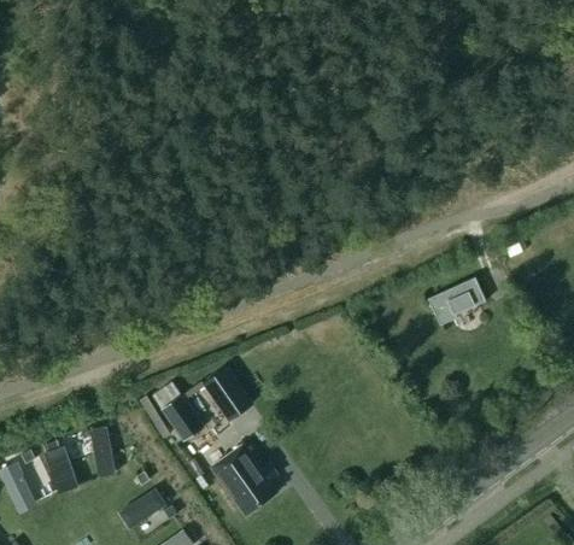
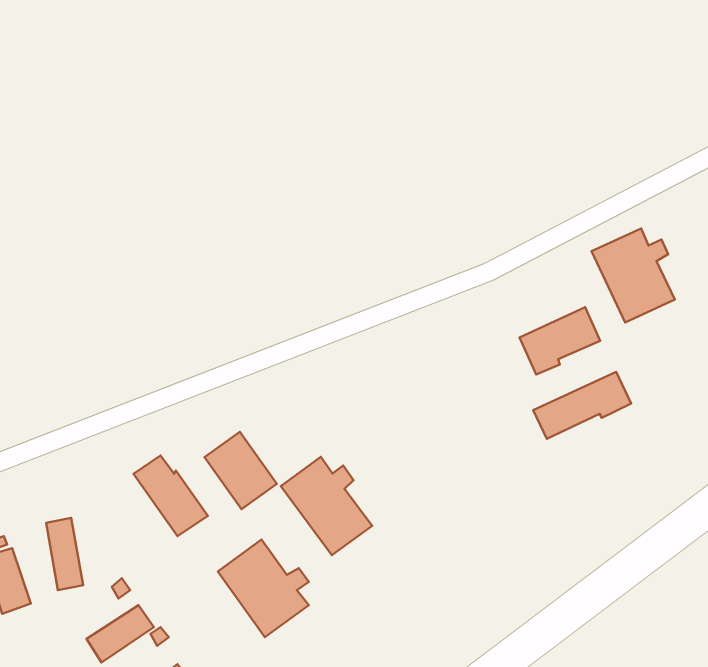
building: none -> [592,228,675,322]
building: none -> [533,372,631,439]
building: none -> [281,457,372,555]

